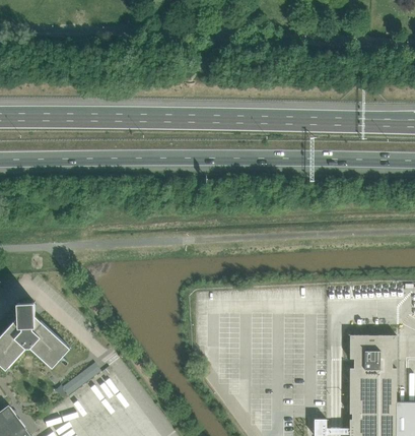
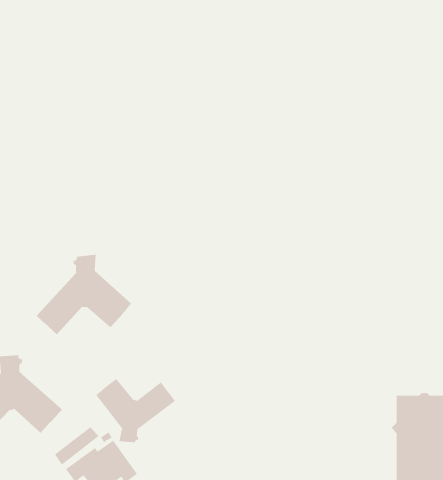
building: none -> [36,254,132,335]
building: none -> [95,378,176,443]

